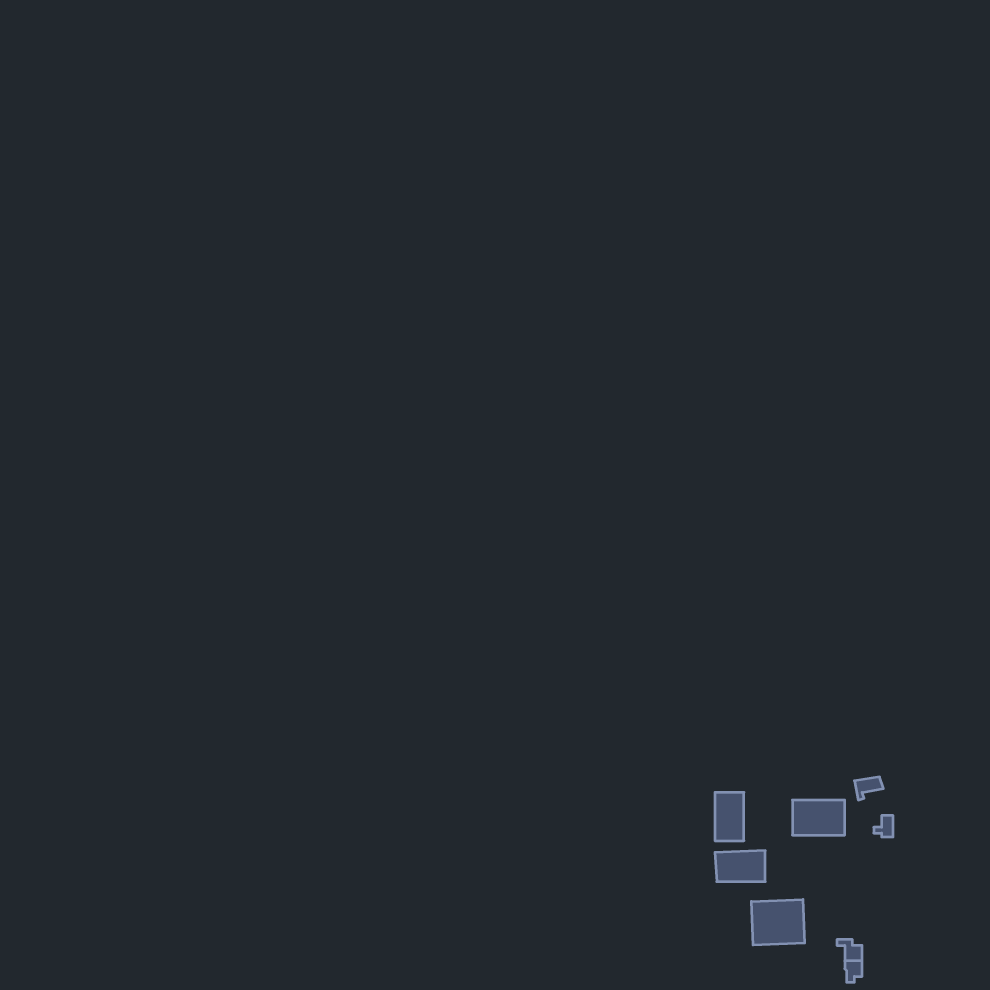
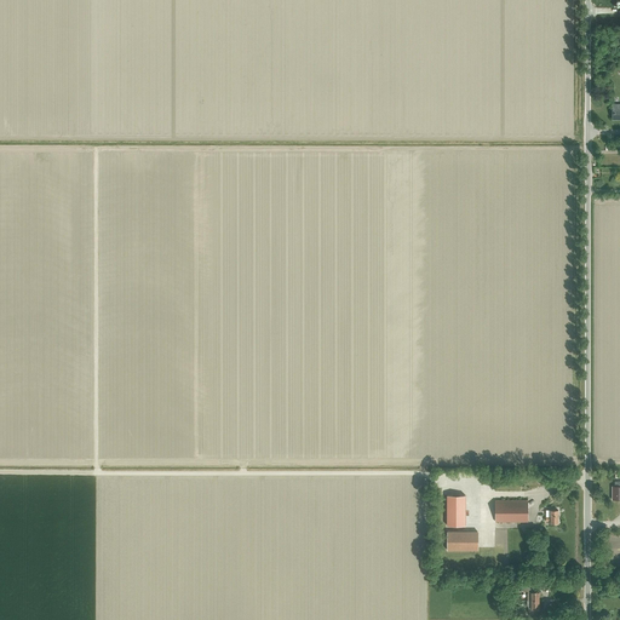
building: [751,899,805,945] -> none

